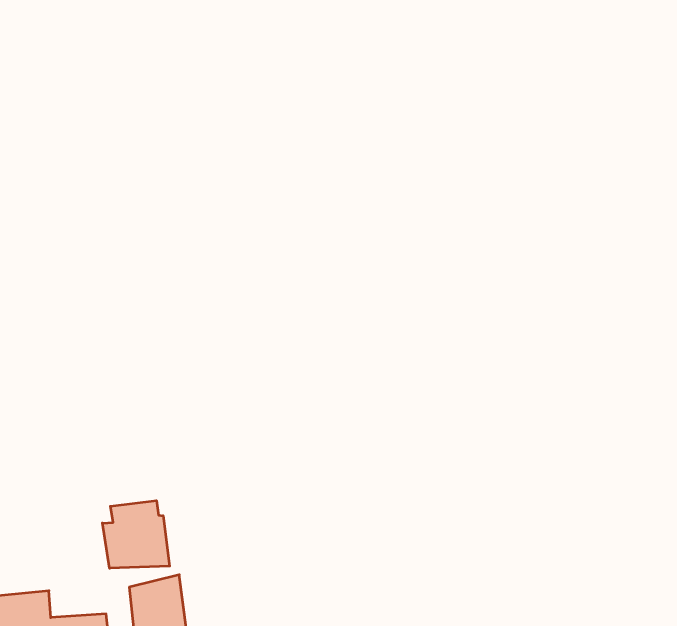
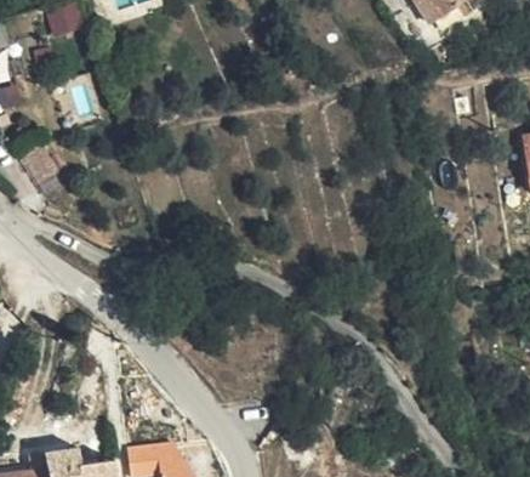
building: [102,501,170,568] -> none

